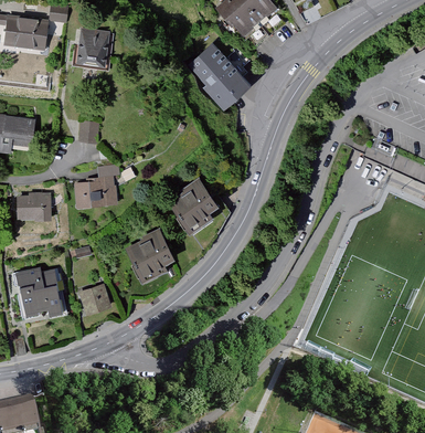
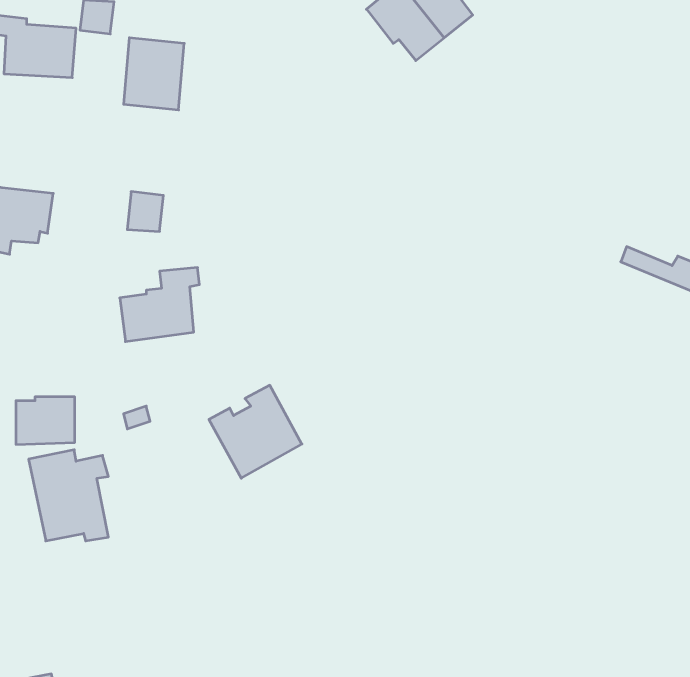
building: [184,42,252,113] -> none
building: [167,178,221,235] -> none
building: [15,188,50,215] -> [16,397,75,444]
building: [76,283,110,316] -> none

